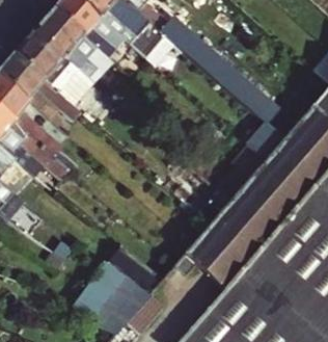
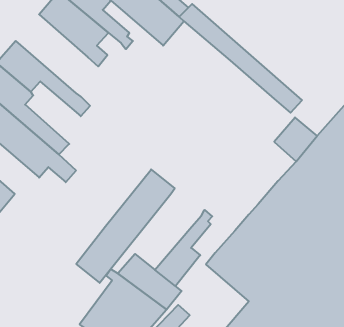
building: [17,30,81,101] -> none
building: none -> [76,169,175,283]
building: none -> [155,210,212,286]

